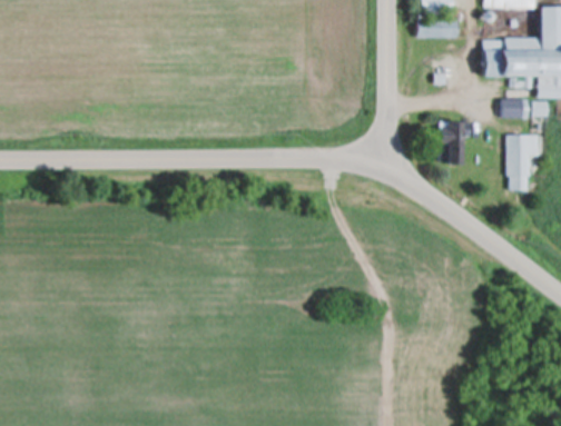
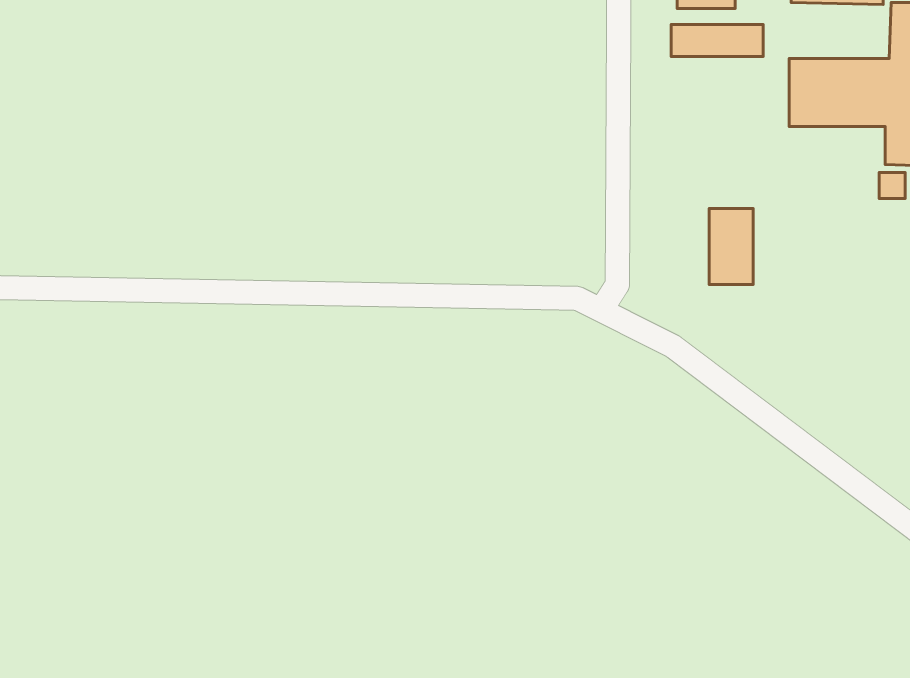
building: [500,99,526,118] -> none
building: [506,135,540,191] -> none

